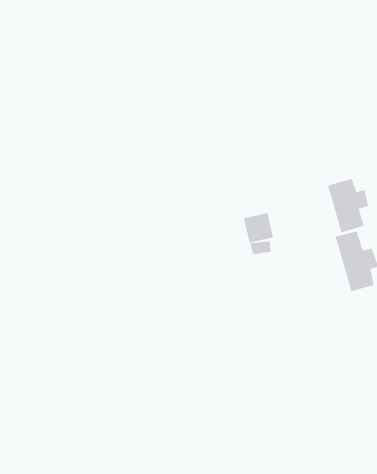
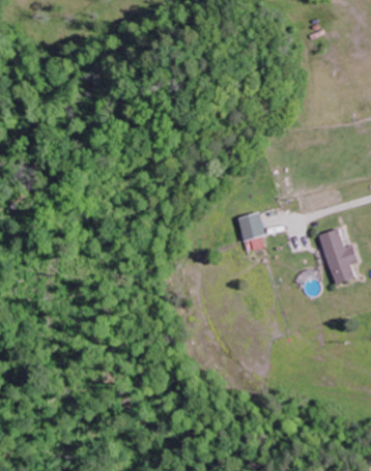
building: [328,178,369,233] -> none

